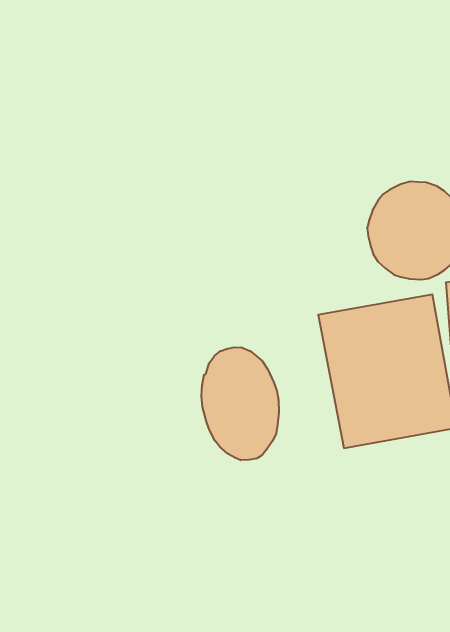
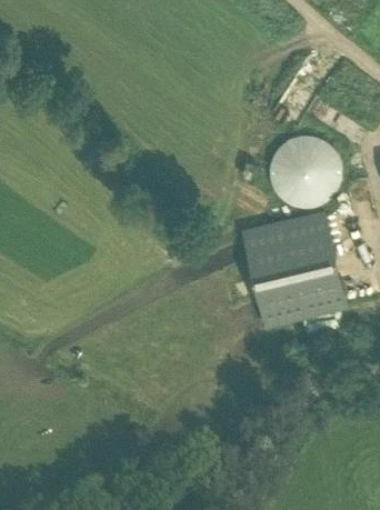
building: [202,347,279,460] -> none

